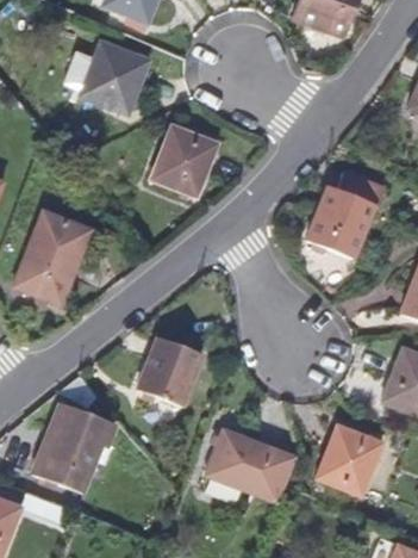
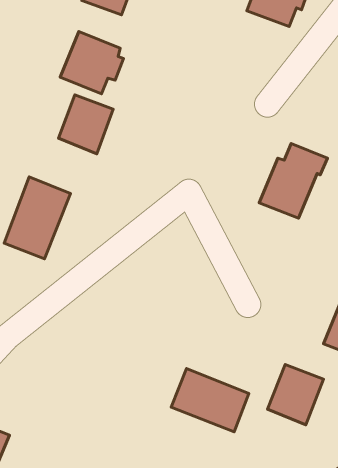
building: [152,126,216,194] -> [58,95,113,154]
building: [137,336,202,407] -> none
building: [33,402,114,495] -> none

